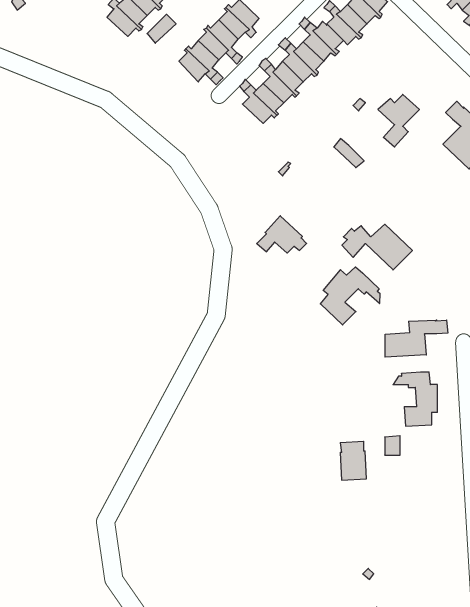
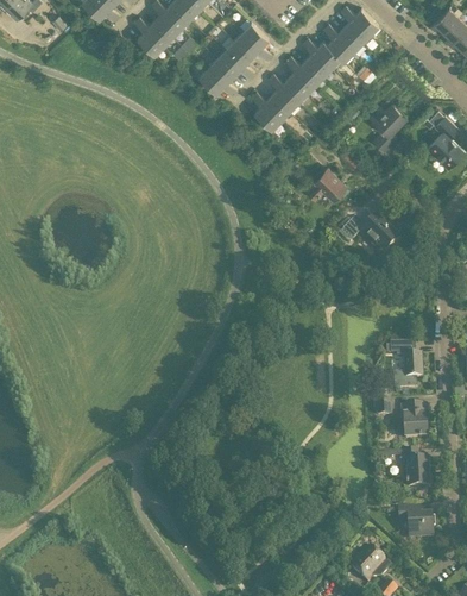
building: [257,216,307,253] -> [308,165,351,197]
building: [320,267,380,325] -> none
building: [385,320,448,357] -> none
building: [340,441,366,480] -> [404,403,427,437]
building: none -> [403,448,430,485]
building: none -> [399,506,433,537]

